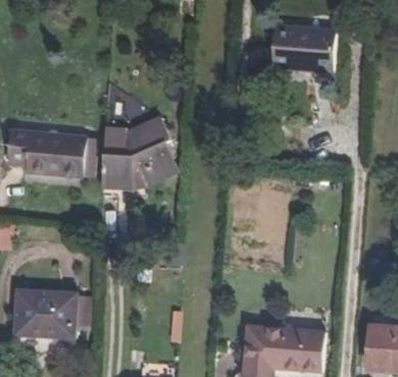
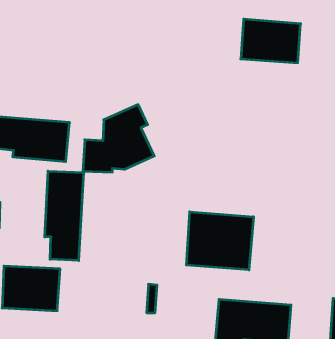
building: none -> [45,171,84,261]
building: none -> [186,212,253,270]

